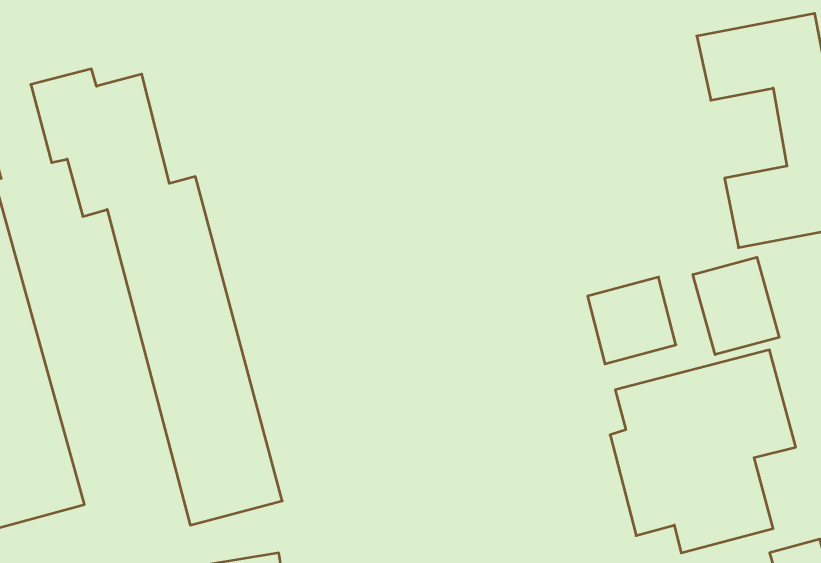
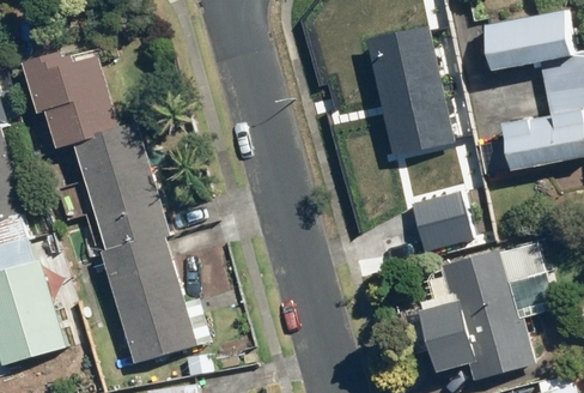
building: none -> [365,26,454,157]
building: [693,257,779,355] -> none

